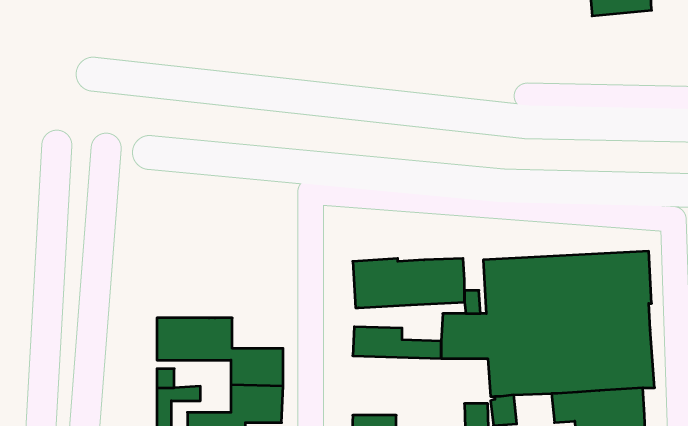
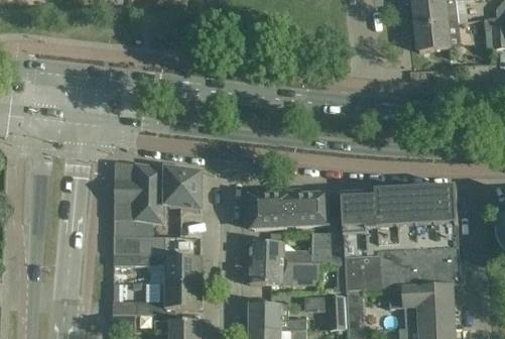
building: none -> [415,21,460,50]
building: none -> [113,160,202,235]
building: none -> [249,261,321,285]

